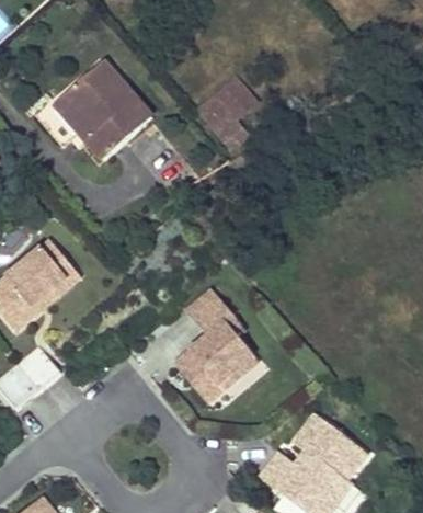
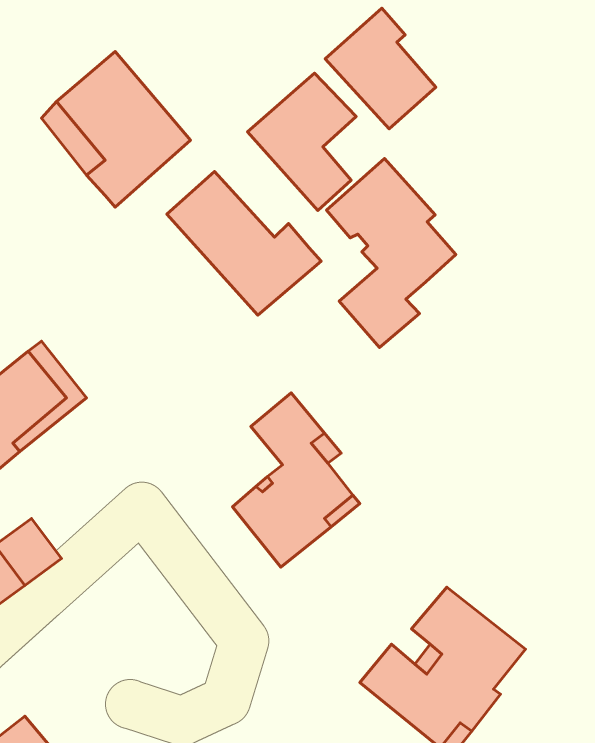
building: none -> [325,8,436,129]
building: none -> [327,159,456,348]
building: none -> [167,172,321,315]

